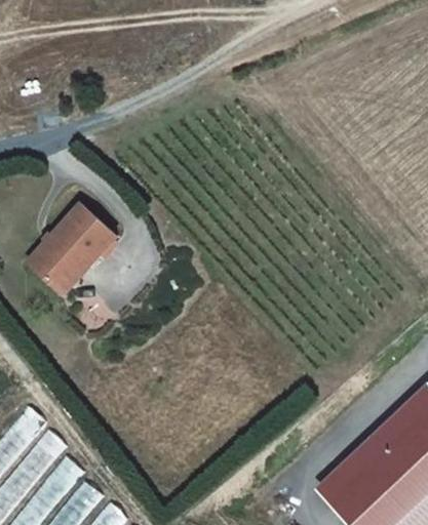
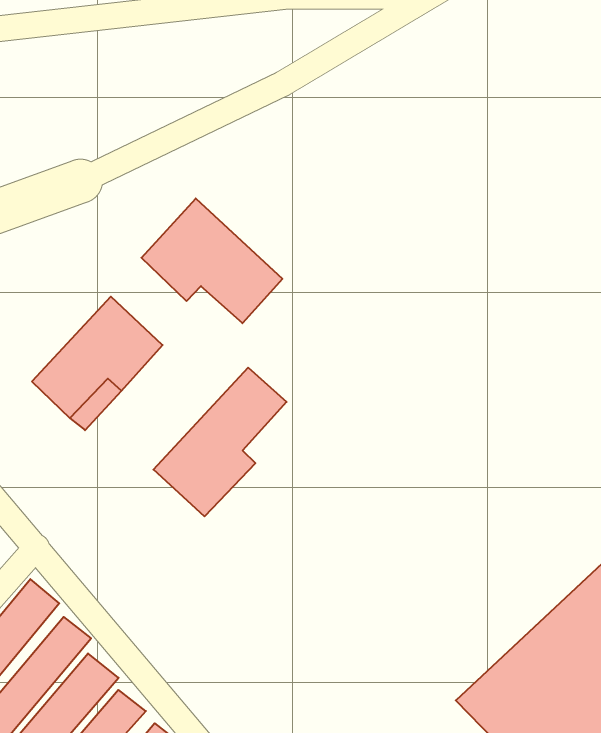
building: none -> [141,198,282,323]
building: none -> [153,368,287,516]

